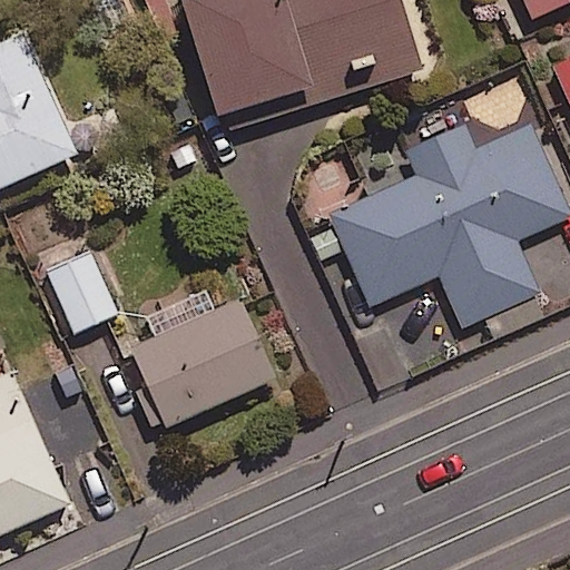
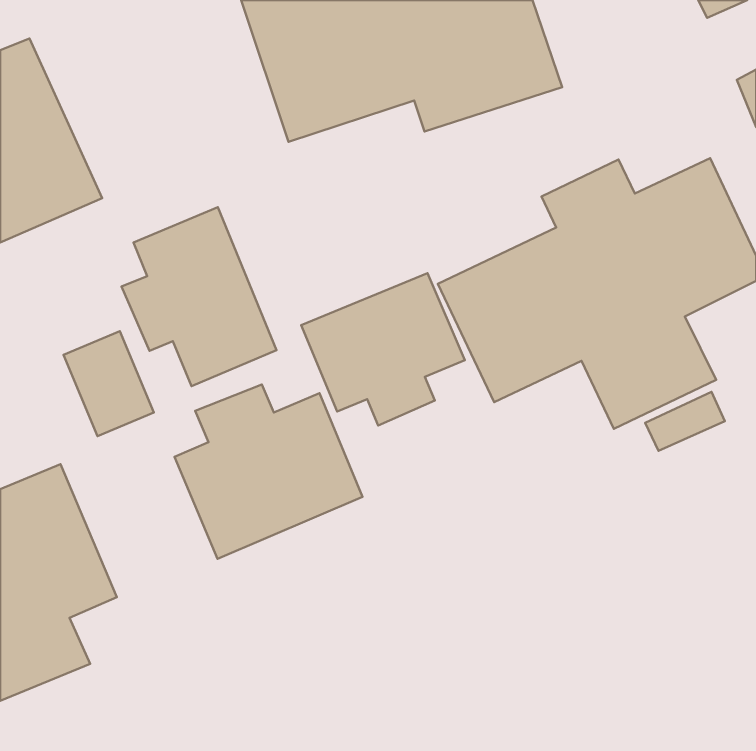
building: none -> [121,207,276,386]
building: none -> [301,273,465,426]

